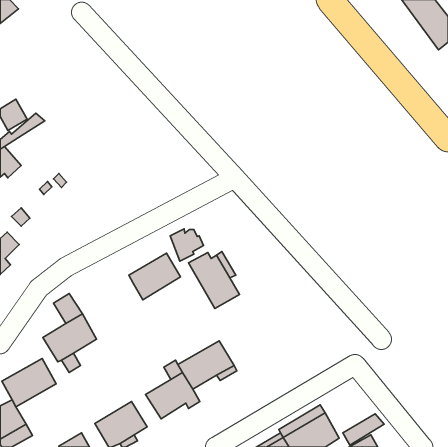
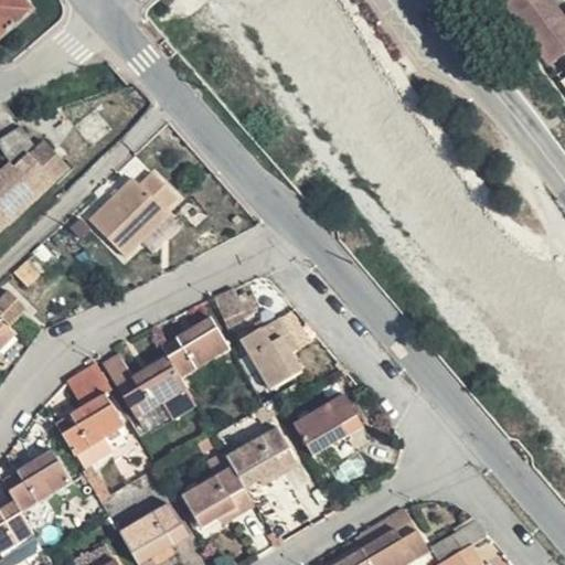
building: none -> [6,152,70,209]
building: none -> [89,173,175,256]
building: none -> [104,354,195,418]
building: none -> [294,394,362,455]

